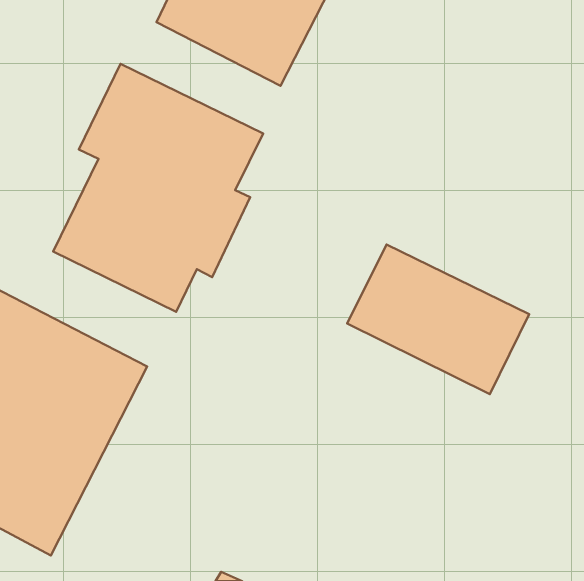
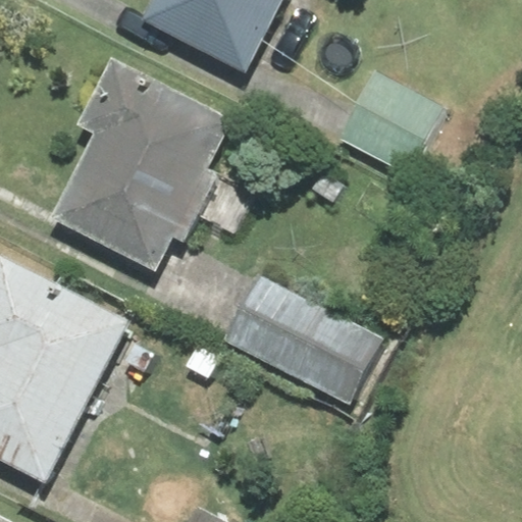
building: none -> [334,63,445,173]
building: [347,245,529,394] -> [224,271,384,403]

